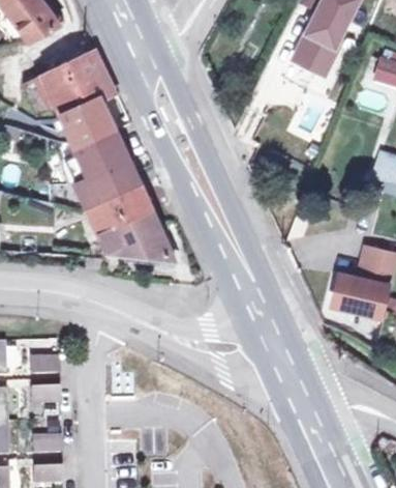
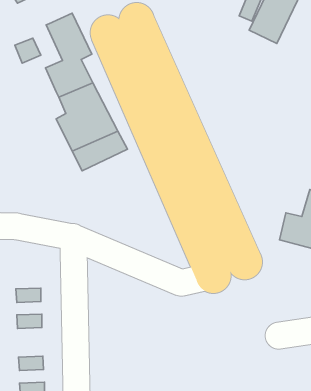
building: [41,57,79,107] -> none
building: [98,201,184,258] -> none

